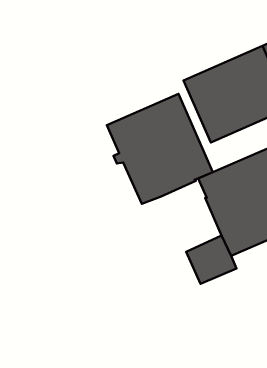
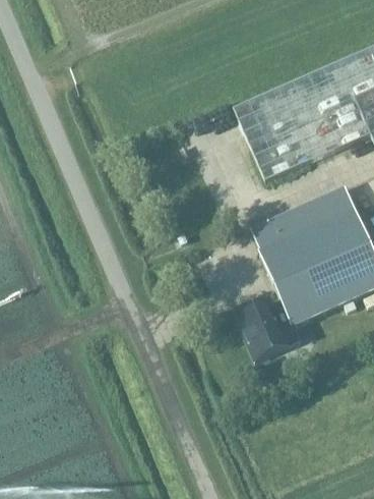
building: [107,94,213,204] -> none

